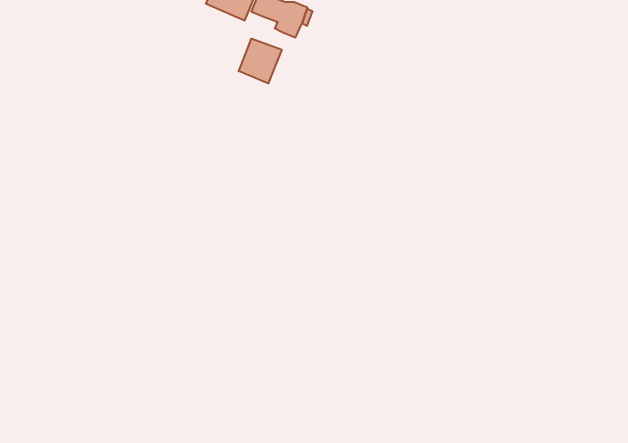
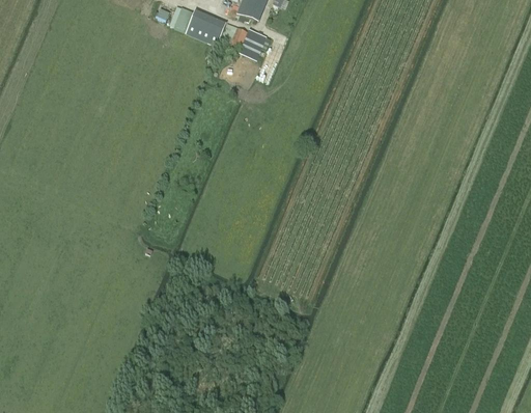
building: [239,39,282,83] -> none

